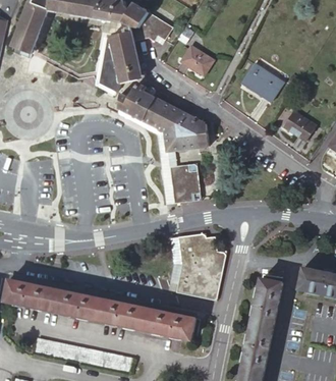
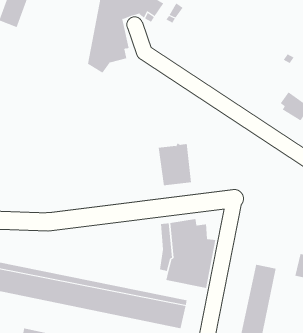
building: [178,46,211,74] -> none
building: [240,65,281,103] -> none
building: [117,85,207,151] -> none

